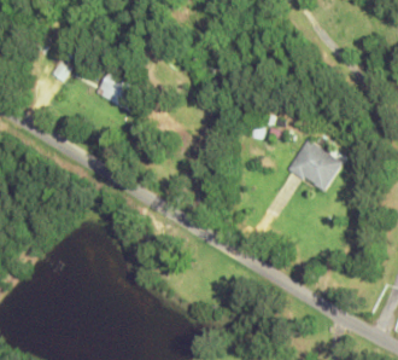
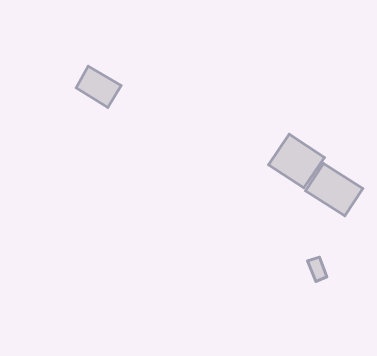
building: none -> [306,164,363,216]

